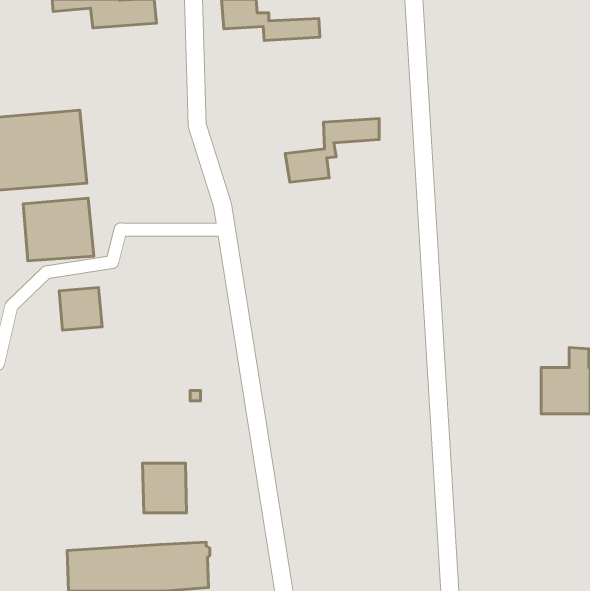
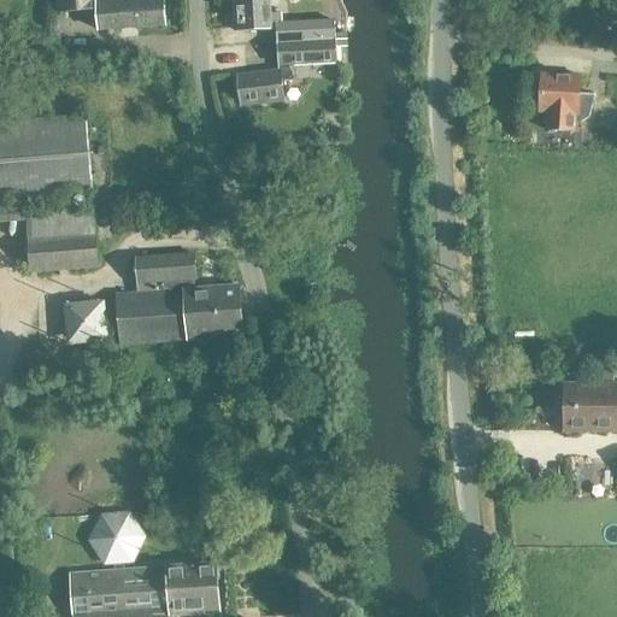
building: none -> [537,74,592,130]
building: [285,119,379,182] -> [235,39,333,105]
building: none -> [116,253,242,346]
building: [143,463,187,513] -> [94,509,140,560]

